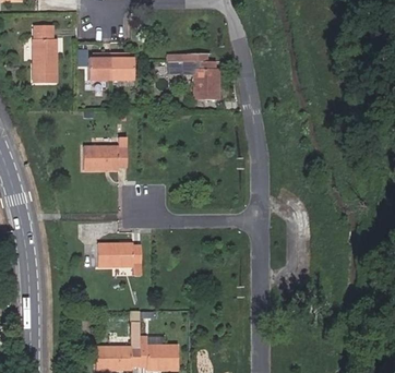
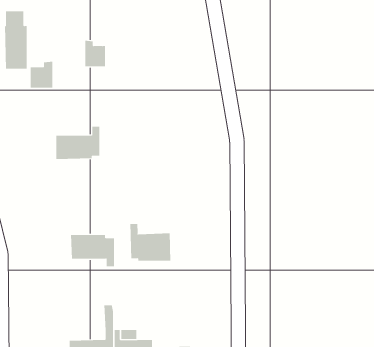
building: [88,53,111,80] -> [30,61,53,88]
building: [166,61,216,98] -> none
building: none -> [130,223,171,262]

